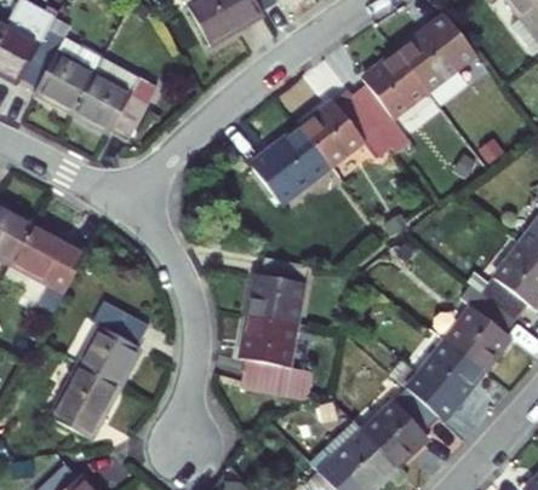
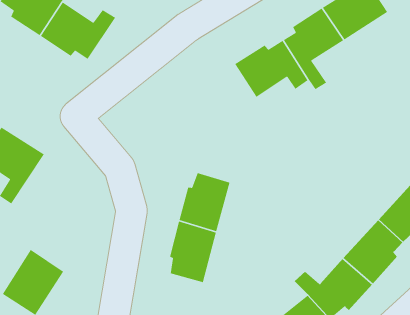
building: [251,127,328,202] -> none
building: [80,310,147,385] -> none

